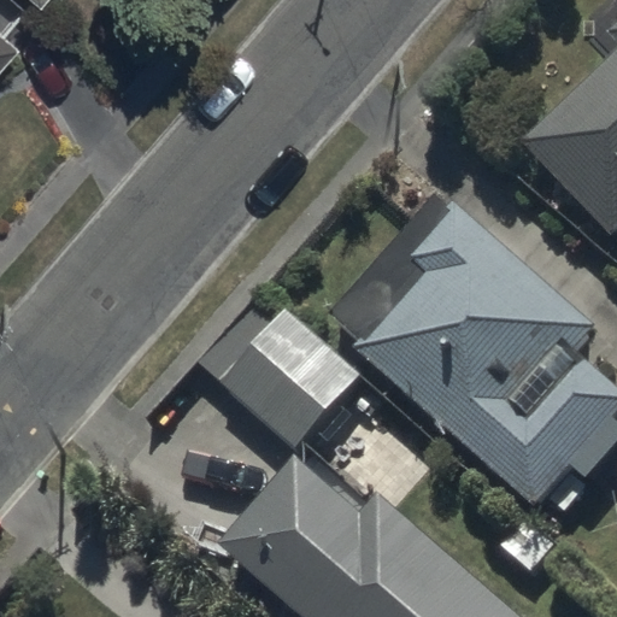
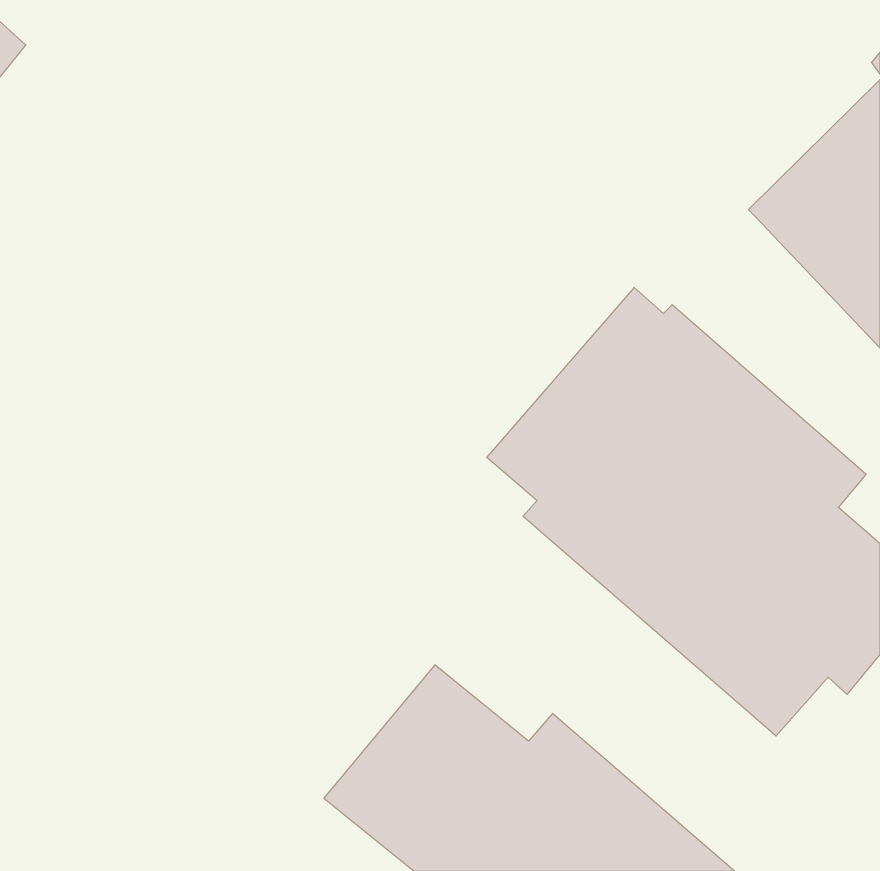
building: [201,292,364,451] -> none

